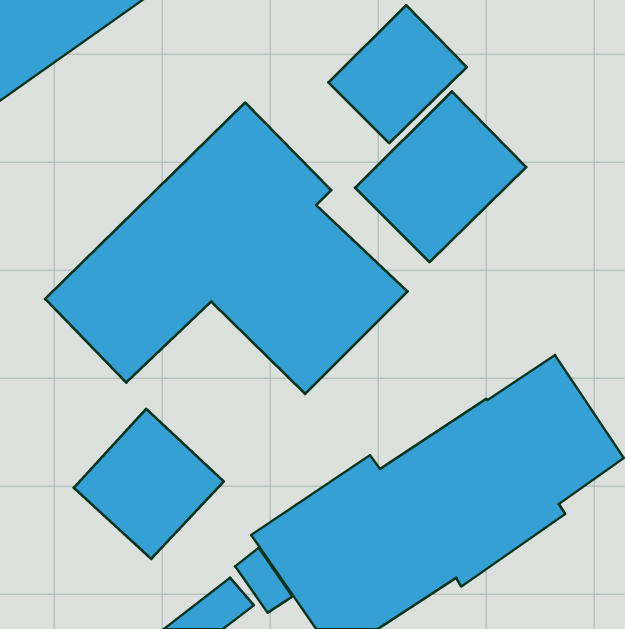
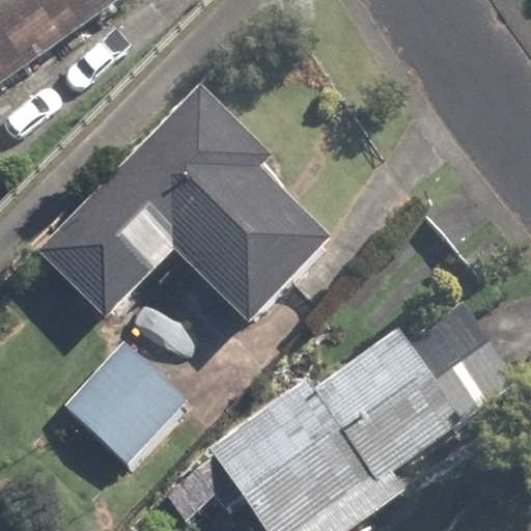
building: [328,5,467,143] -> none
building: [355,91,526,262] -> none

